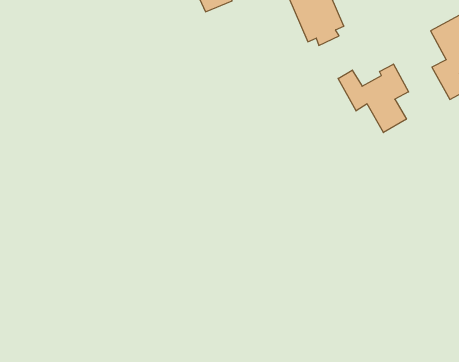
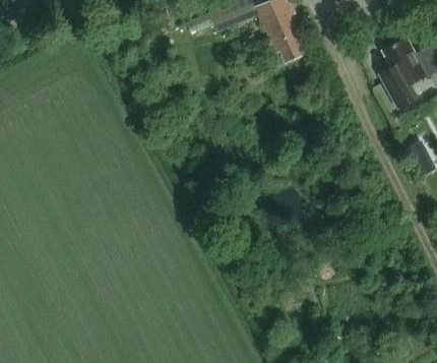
building: [338,64,409,133] -> none

